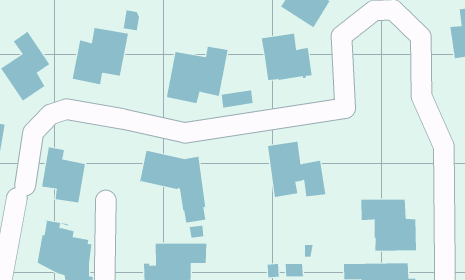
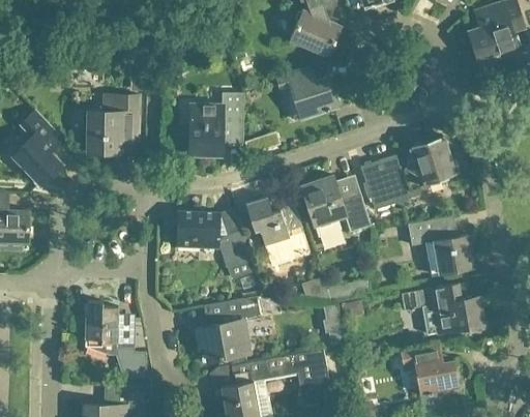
building: none -> [360,136,454,210]
building: [41,146,86,204] -> none
building: none -> [245,198,311,259]

